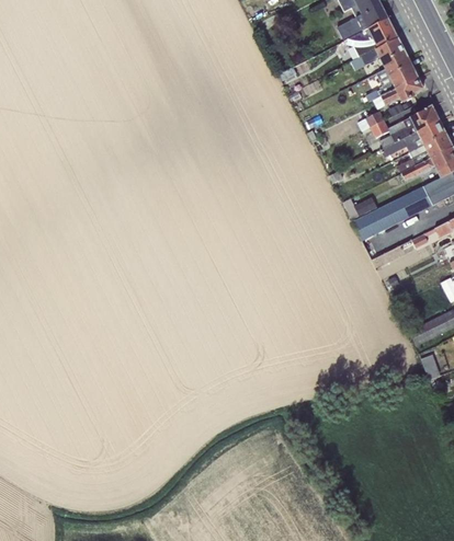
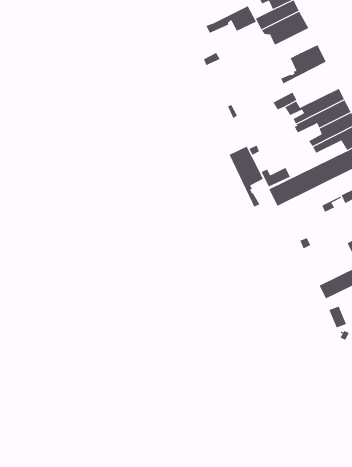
building: [350,37,408,69] -> [206,6,257,33]
building: [373,76,423,108] -> none
building: none -> [229,146,264,207]

